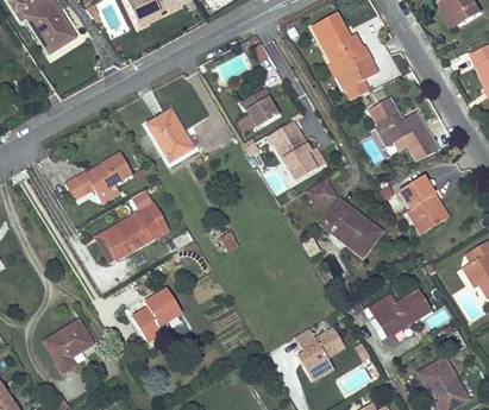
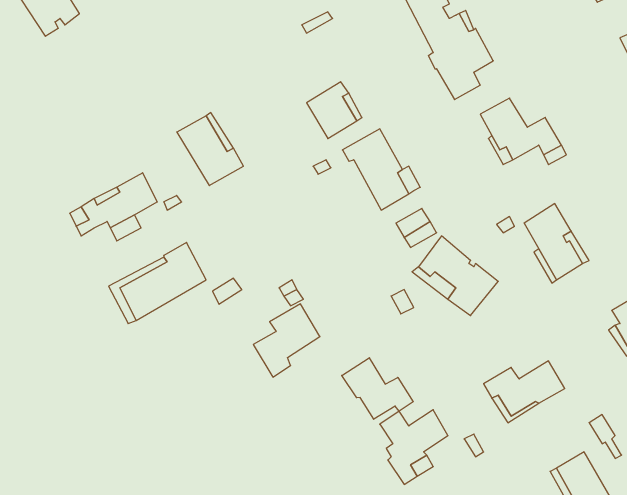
building: [131,288,180,341] -> [253,304,320,377]
building: none -> [342,358,413,419]
building: [43,320,92,372] -> none

